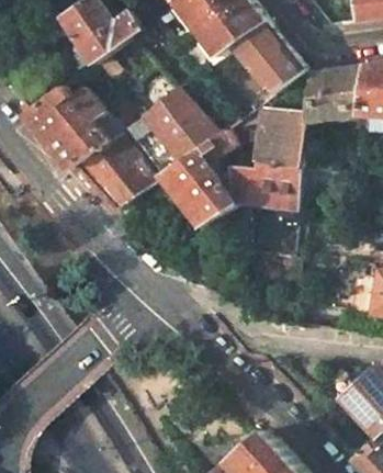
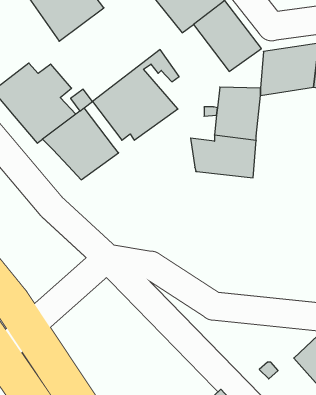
building: [168,129,239,226] -> none

